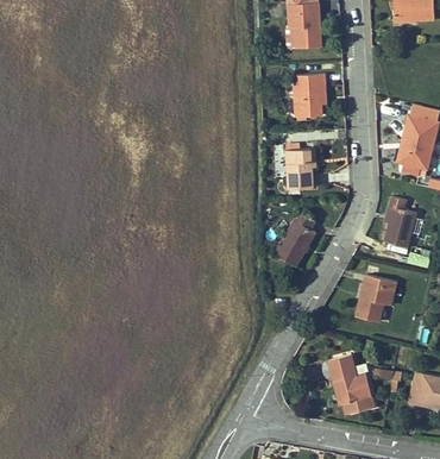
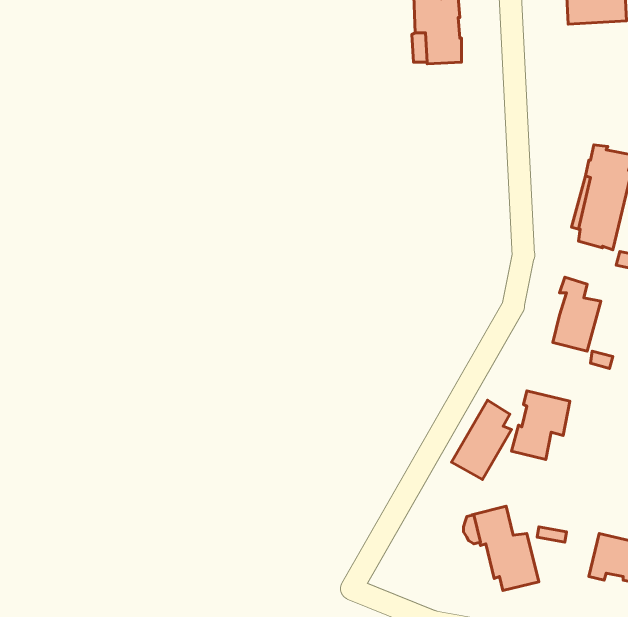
building: [293,74,325,118] -> none
building: [285,149,313,189] -> none
building: [274,212,315,266] -> [452,400,512,479]

